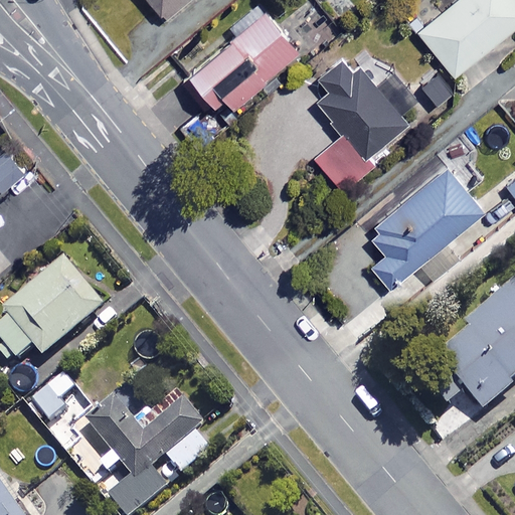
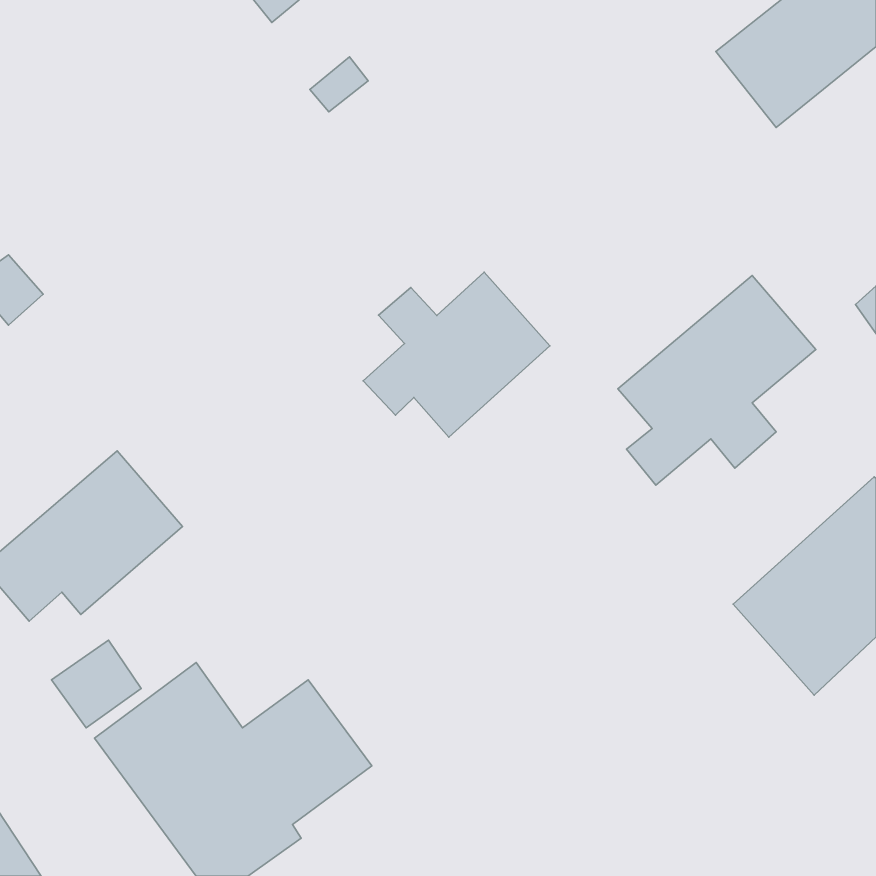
building: [186,10,304,114] -> none
building: [309,56,421,192] -> none
building: none -> [363,272,550,437]

